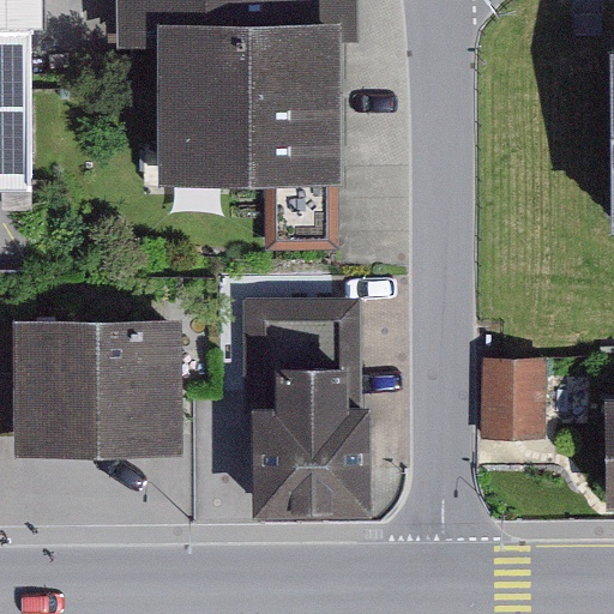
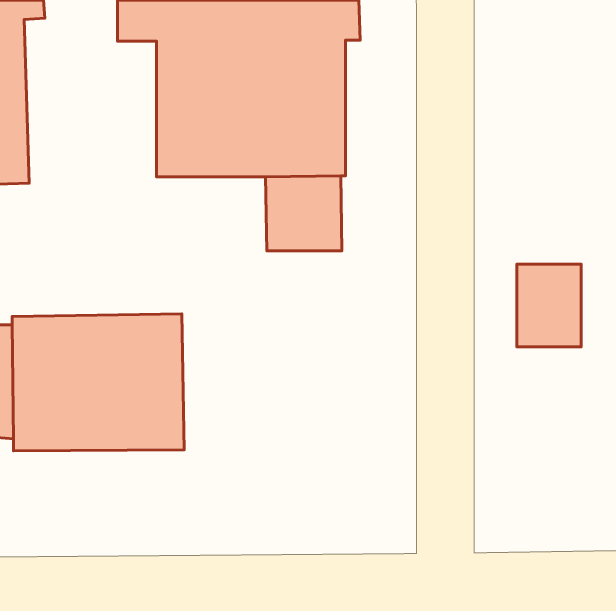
building: [240,302,369,514] -> none
building: [480,363,543,445] -> [517,264,581,347]

